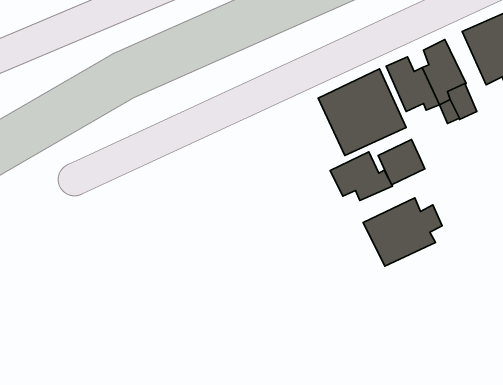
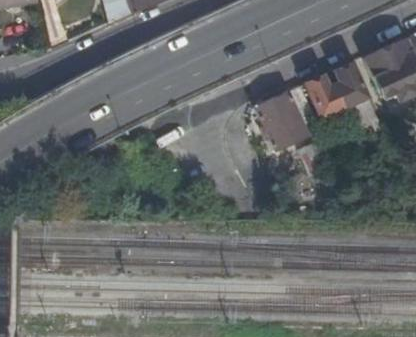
building: [330,152,392,201] -> none
building: [363,198,442,266] -> none

